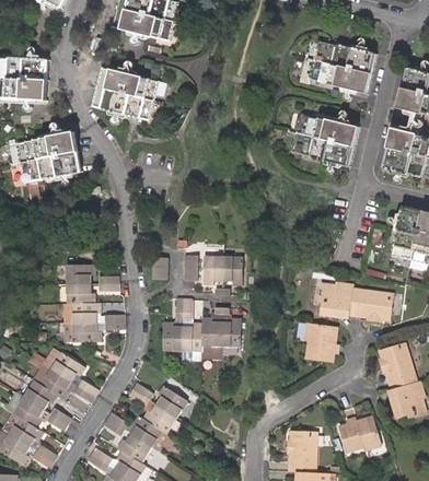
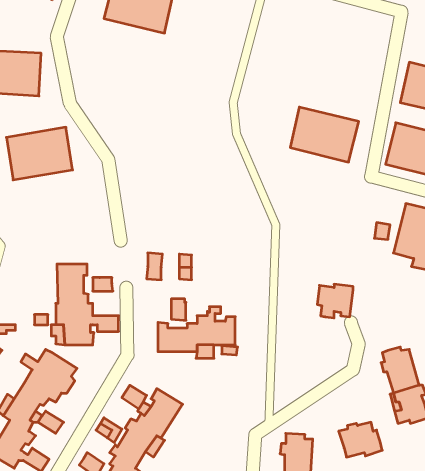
building: [299,38,375,93] -> none
building: [90,66,159,119] -> none
building: [200,256,239,284] -> none
building: [349,290,393,324] -> none
building: [304,325,339,364] -> none

